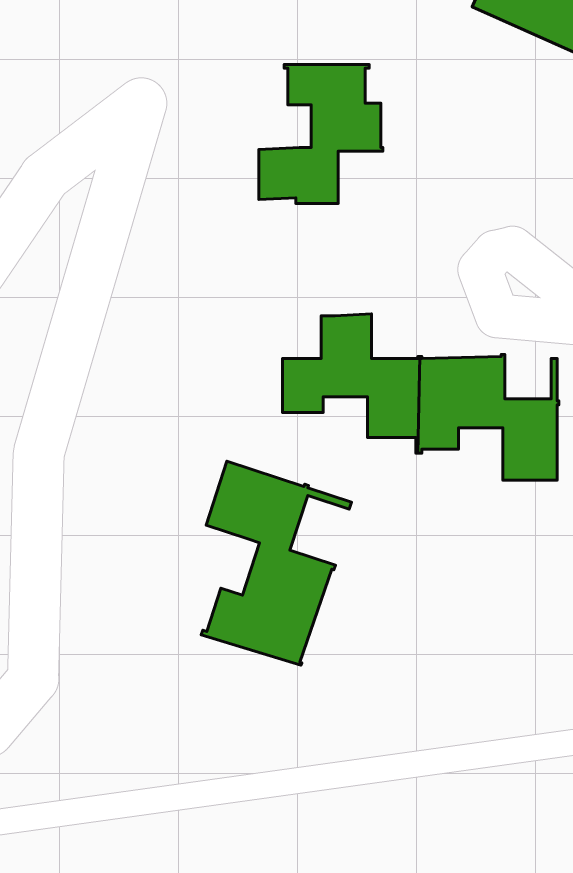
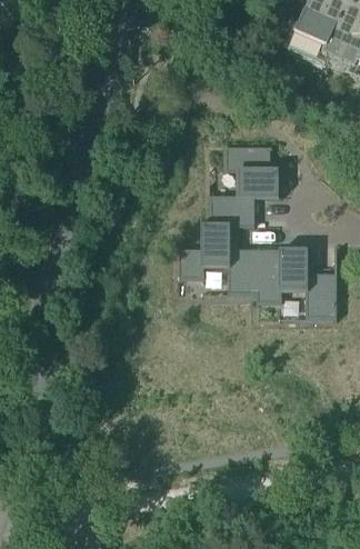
building: [259,64,383,203] -> [210,147,281,227]
building: [201,461,351,665] -> none

